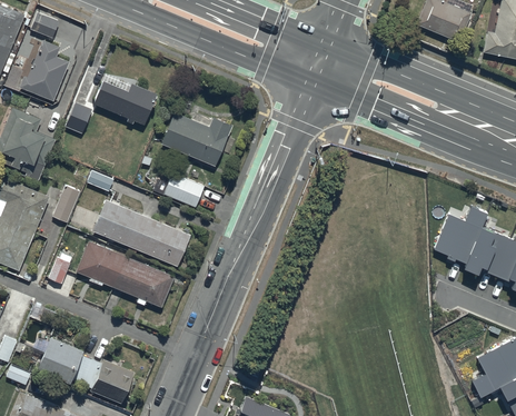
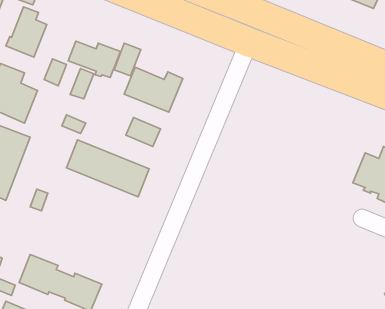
building: none -> [114,43,141,76]
building: none -> [70,69,94,99]
building: [52,185,79,222] -> none
building: [75,240,173,307] -> none

